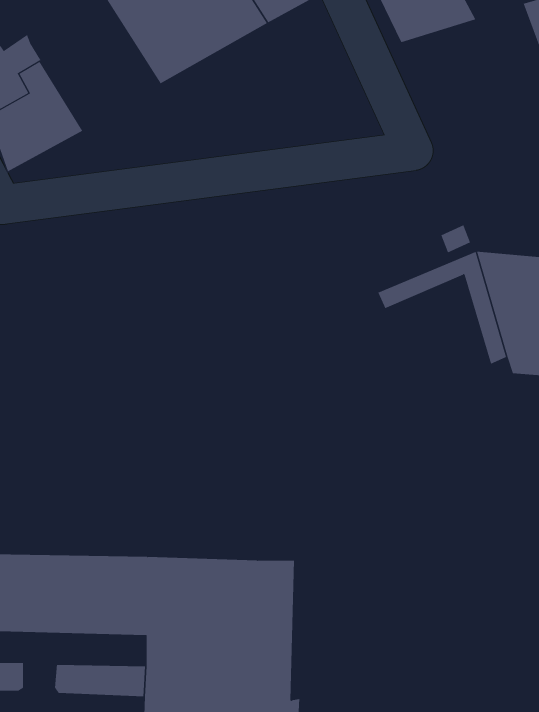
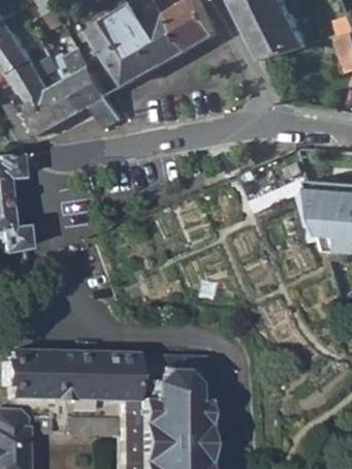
building: none -> [55,46,124,125]

